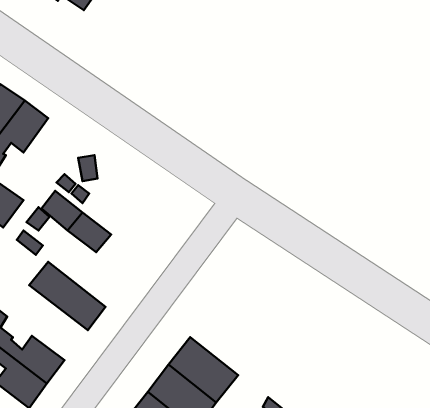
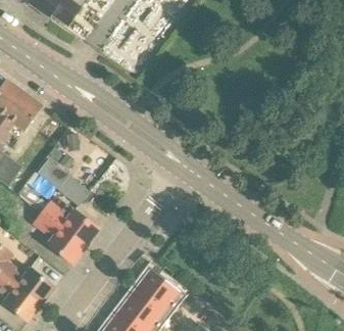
building: none -> [42,201,99,245]

